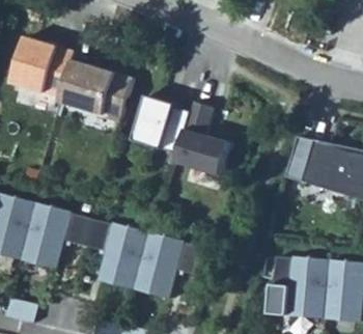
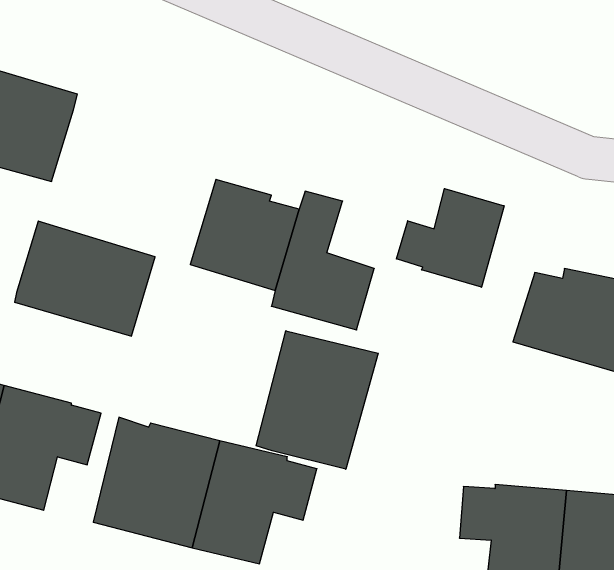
building: [58,59,132,119] -> [15,221,155,336]
building: none -> [396,189,504,287]
building: none -> [256,331,378,469]

